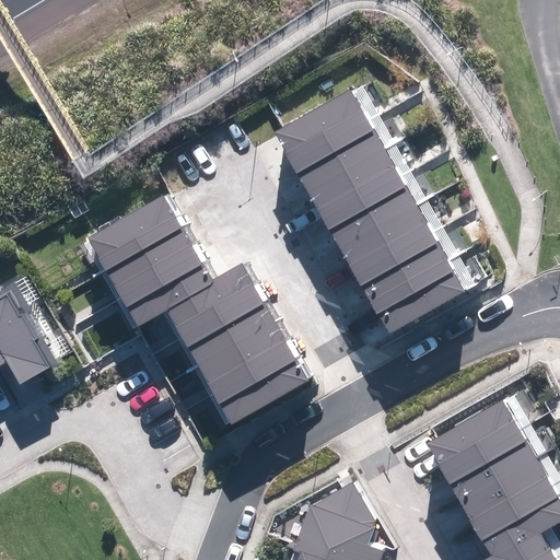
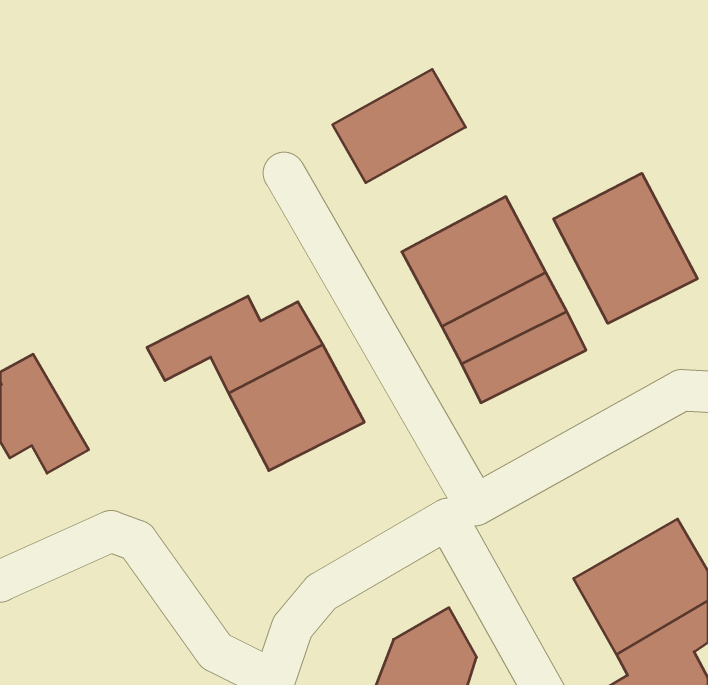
building: [289,118,399,217] -> none
building: none -> [554,173,697,323]
building: [79,182,196,292] -> none
building: [212,351,307,428] -> none
building: [432,392,535,475] -> none

